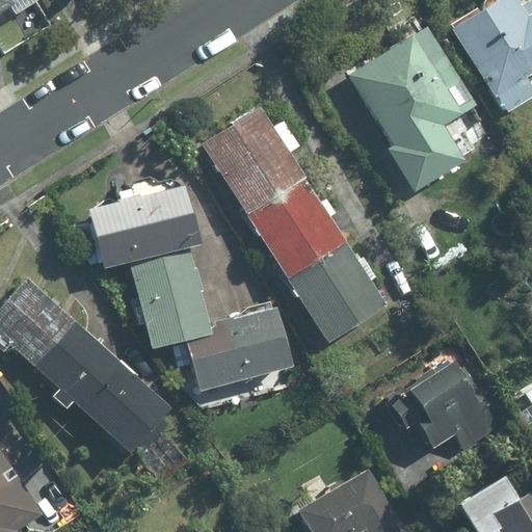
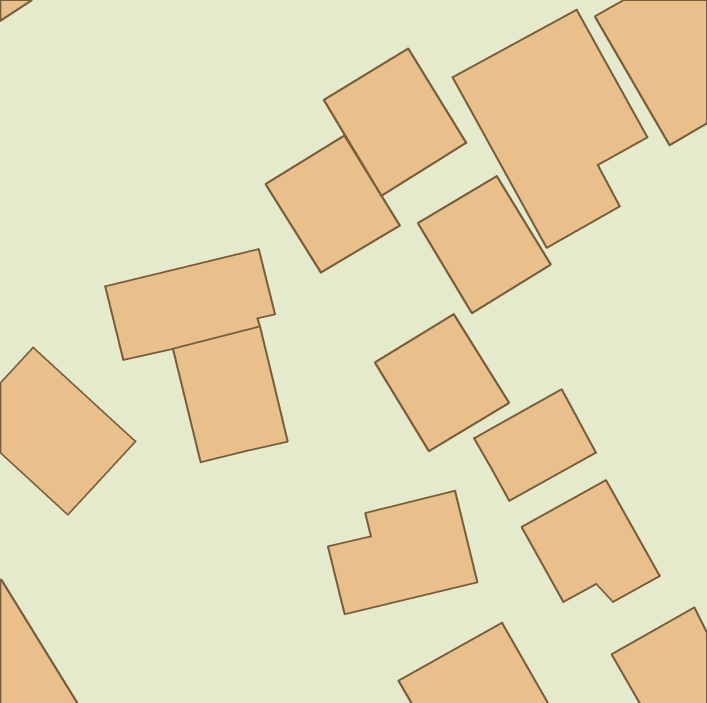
building: none -> [324,48,466,196]
building: [241,172,341,275] -> [418,176,551,313]
building: none -> [474,389,596,501]
building: [184,300,296,393] -> [328,491,477,614]
building: [51,335,180,460] -> none

